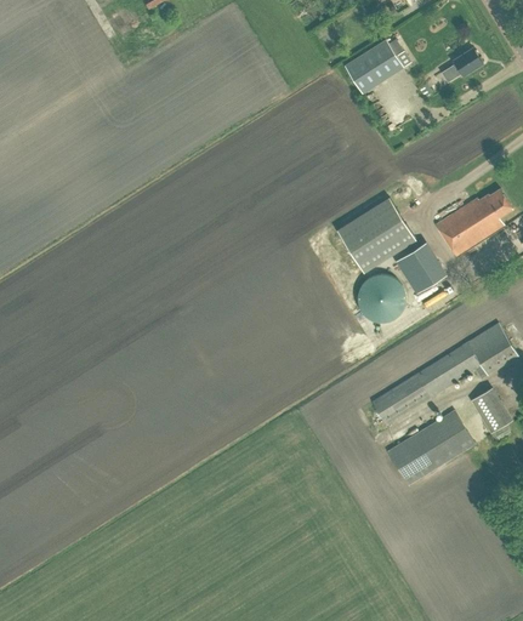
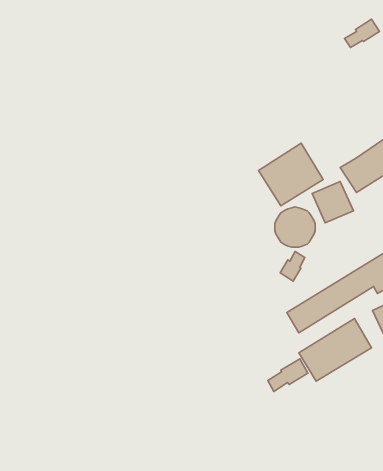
building: [345,38,410,92] -> none
building: none -> [280,251,305,281]
building: none -> [268,359,308,391]

